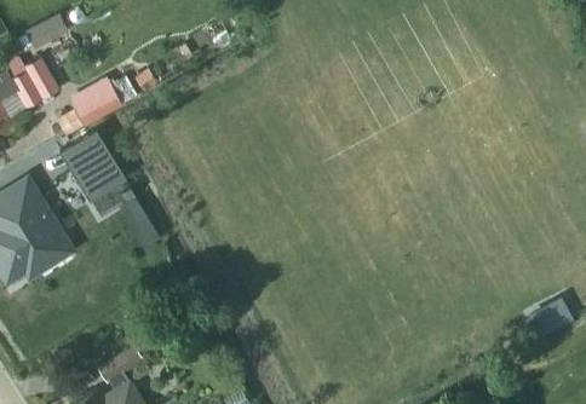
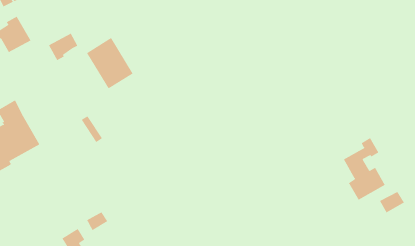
building: [61,134,126,206] -> [86,37,134,89]
building: none -> [343,137,385,200]

